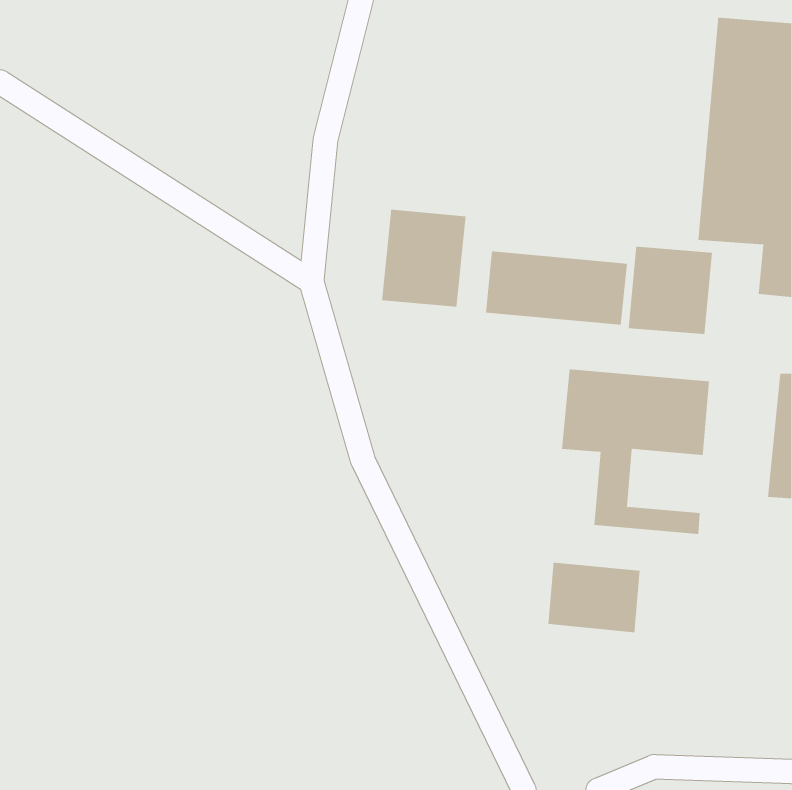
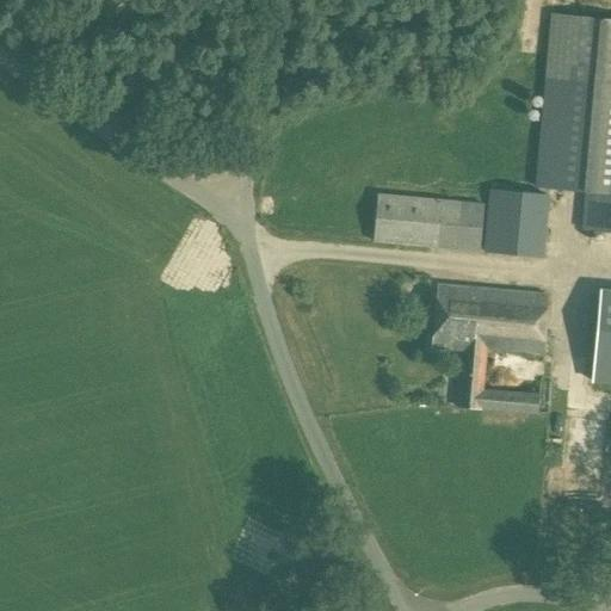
building: [382,209,466,308] -> none
building: [548,562,640,633] -> none

